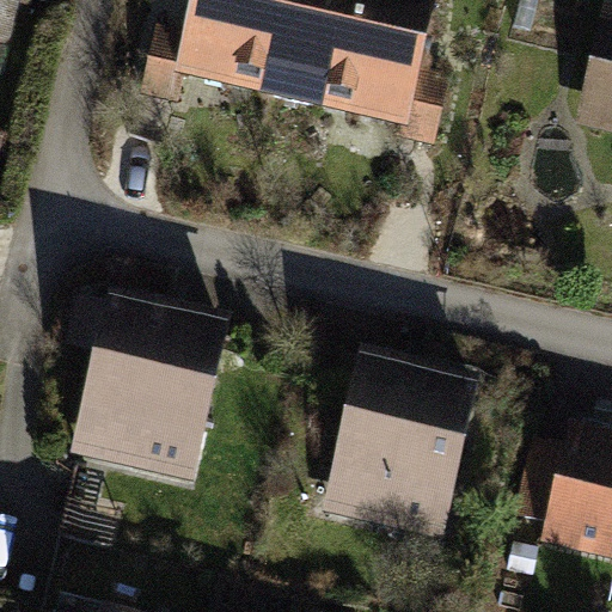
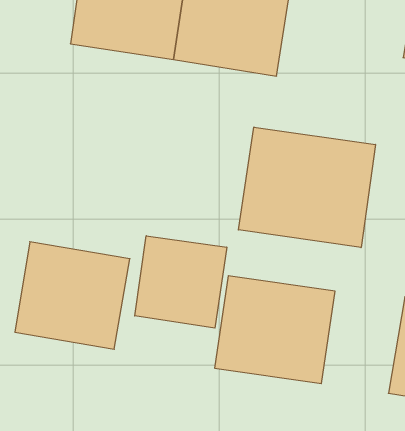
building: none -> [238,127,375,248]
building: none -> [135,236,227,328]

